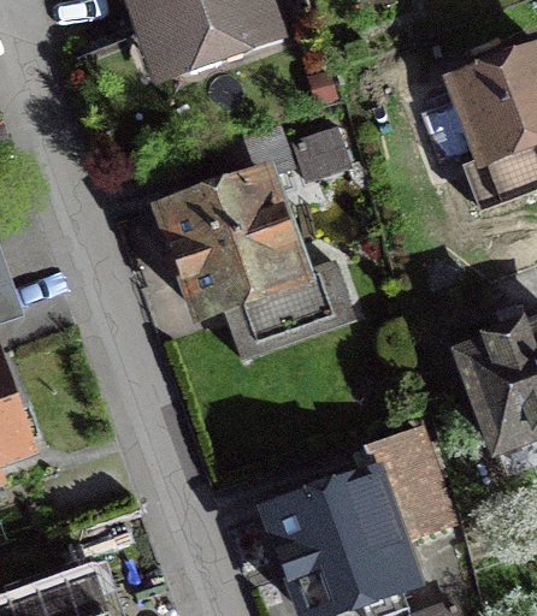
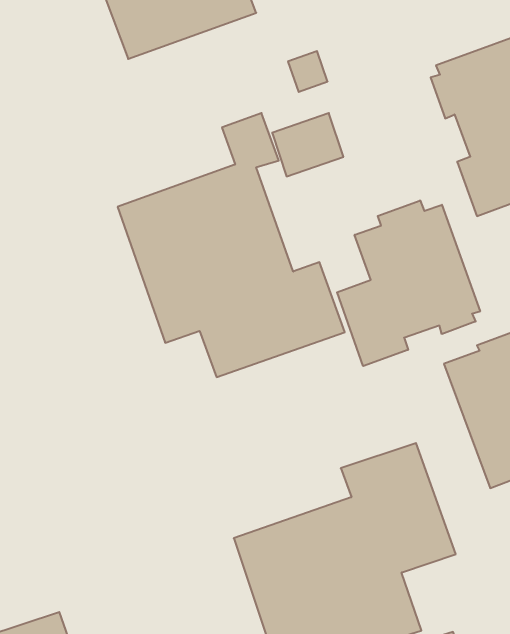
building: none -> [337,200,480,366]

